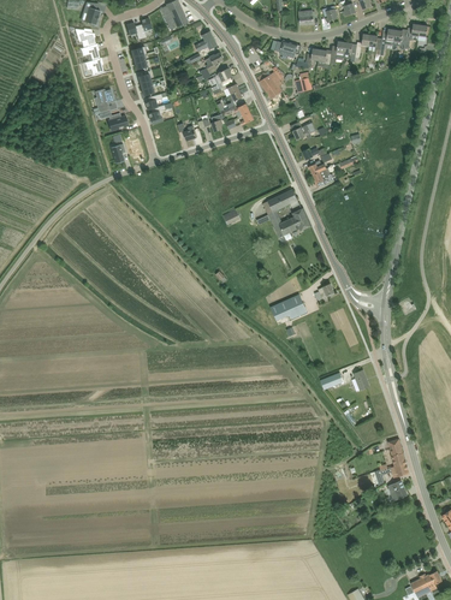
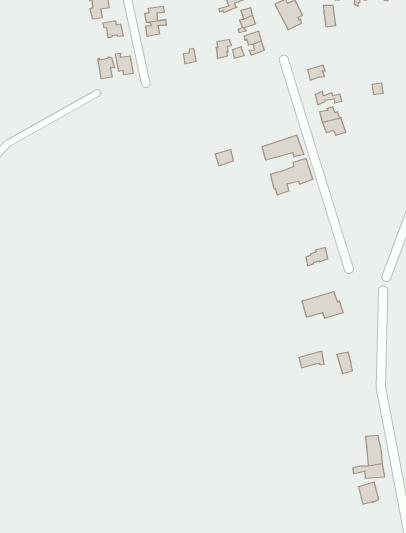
building: [269,296,307,321] -> [302,292,343,318]

